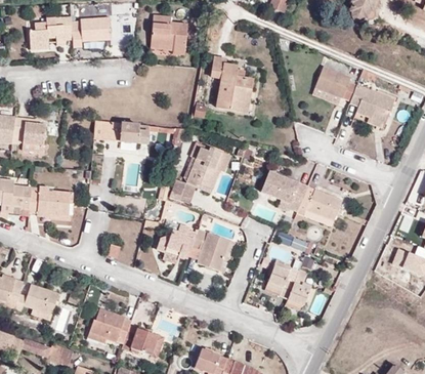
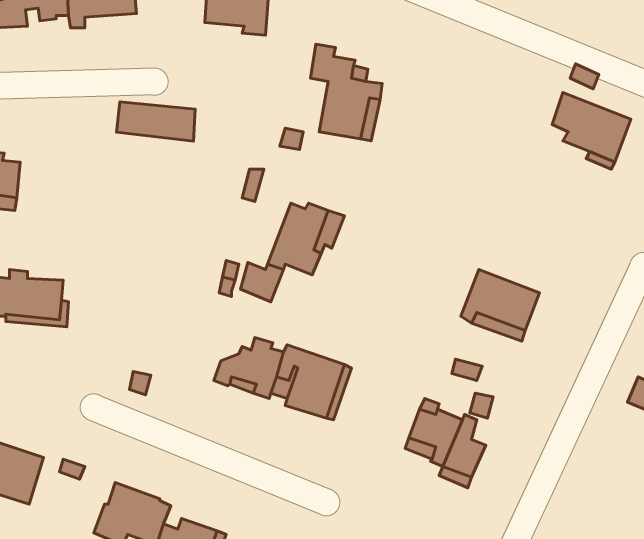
building: [314,66,350,97] -> none
building: [93,120,138,142] -> [116,102,195,141]
building: [261,170,307,212] -> none

